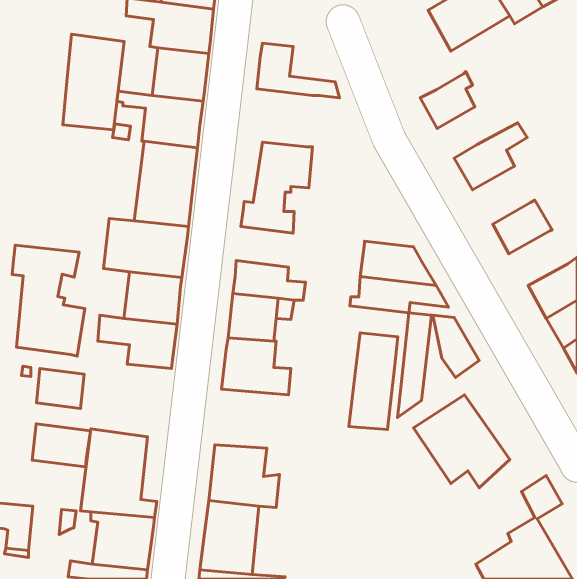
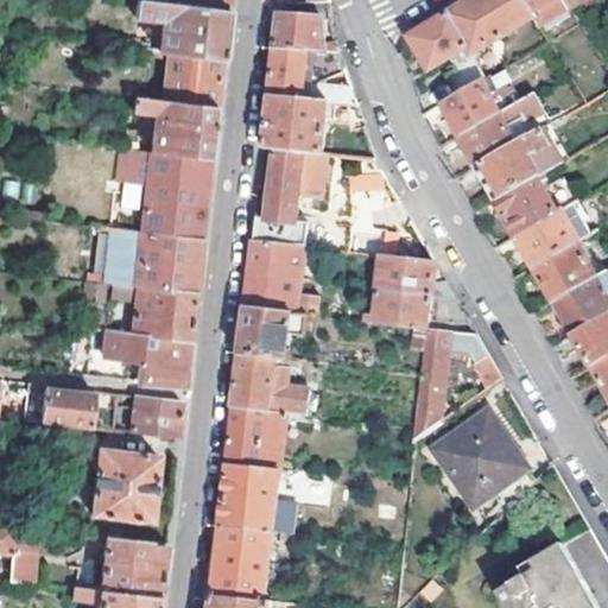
building: none -> [408,11,484,94]
building: none -> [274,12,338,52]
building: [63,34,124,130] -> none
building: none -> [457,90,546,165]
building: none -> [262,93,327,153]
building: none -> [494,171,555,234]
building: none -> [247,236,306,279]
building: none -> [532,241,594,298]
building: [12,245,85,356] -> none
building: [349,333,398,429] -> none
building: none -> [128,395,178,436]
building: none -> [224,406,285,468]
building: [32,424,91,467] -> none

